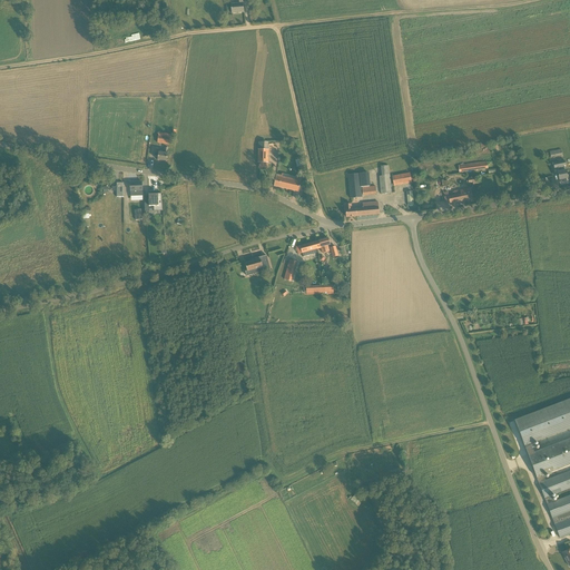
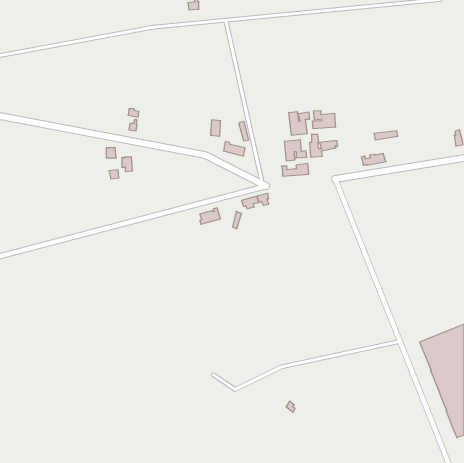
building: none -> [312,111,335,129]
building: none -> [289,111,309,135]

